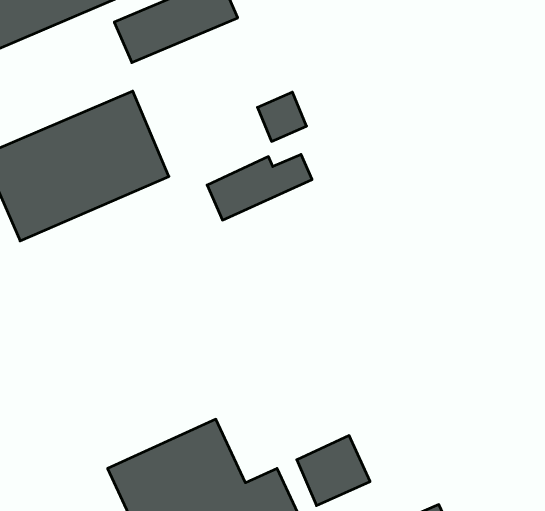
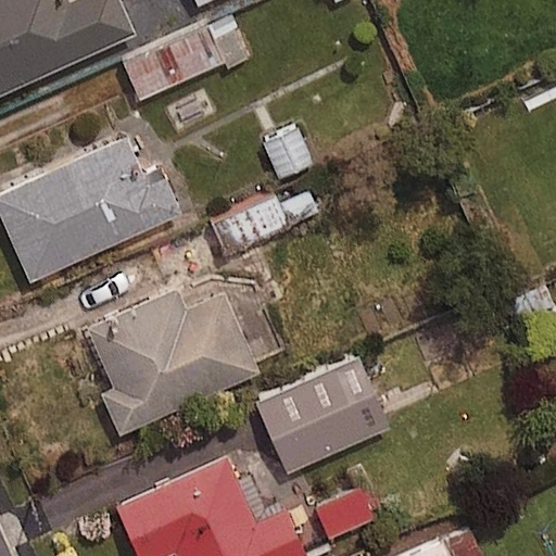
building: none -> [88,291,257,434]
building: none -> [256,357,388,472]

